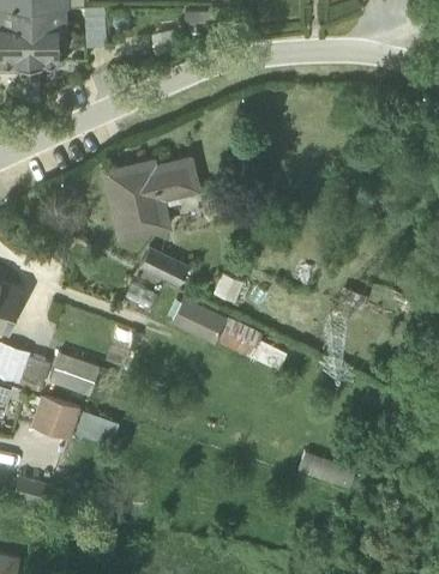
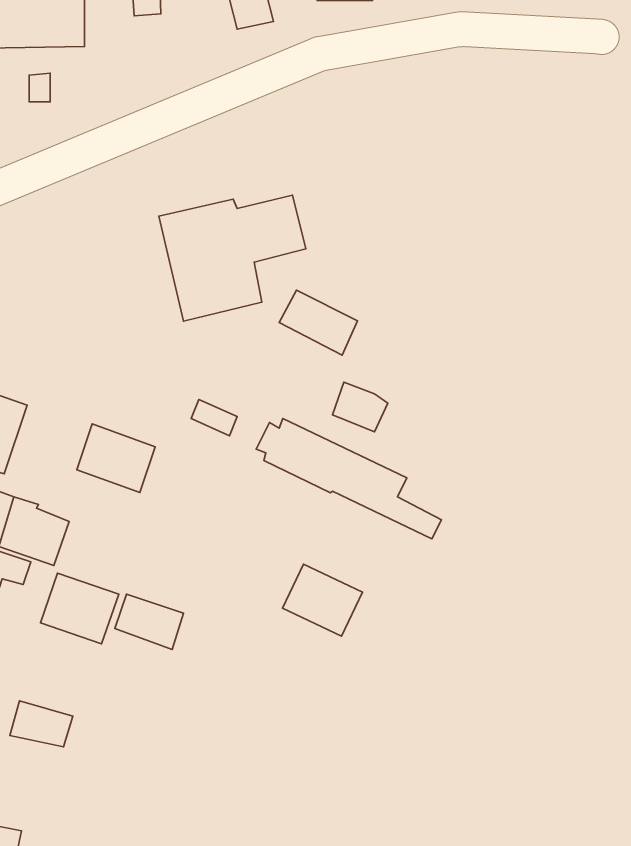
building: [138,247,187,288] -> [279,290,358,355]
building: [48,352,97,395] -> [77,424,155,493]
building: none -> [282,564,363,636]
building: [296,455,355,493] -> none

